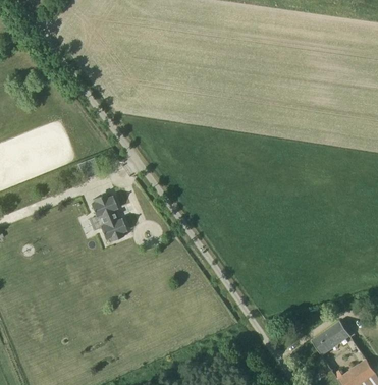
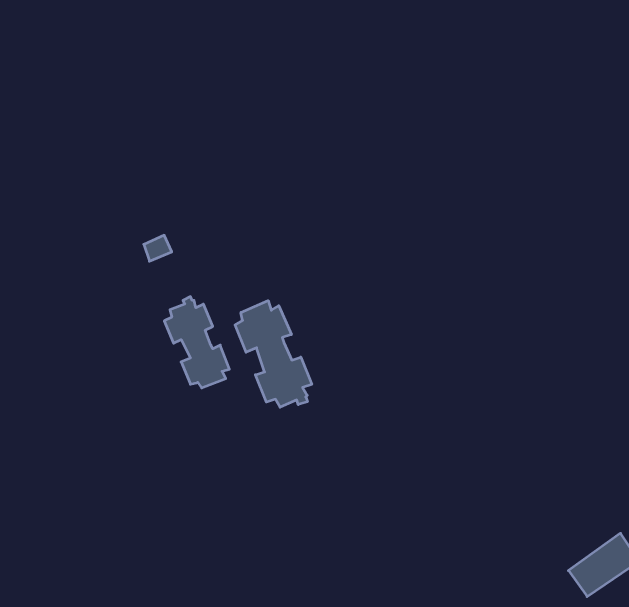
building: none -> [235,301,312,407]

